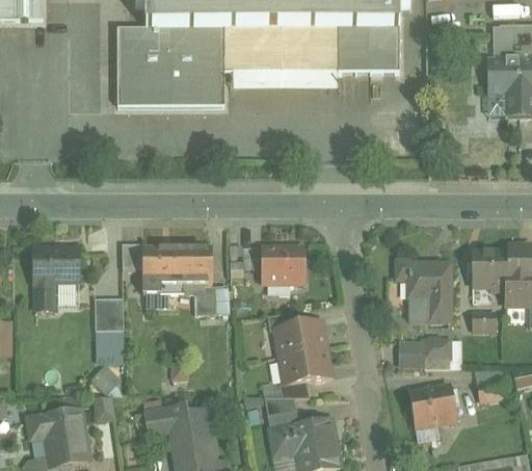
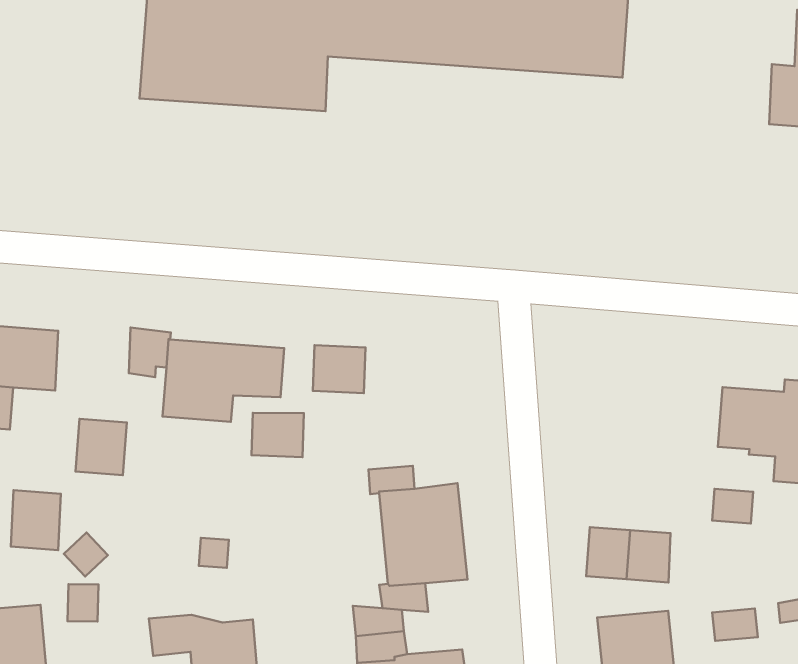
building: [262,248,303,284] -> none
building: [397,260,449,321] -> none
building: [95,331,124,364] -> [11,490,61,550]

